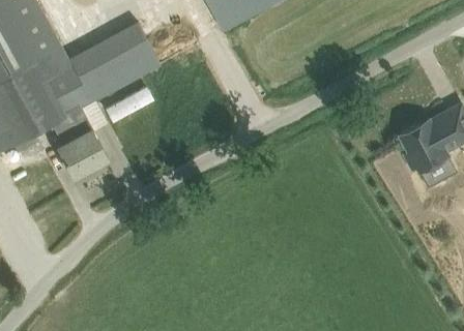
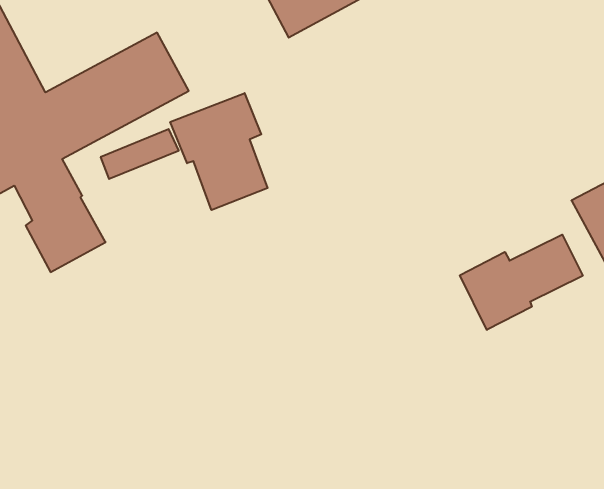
building: none -> [170,93,268,210]
building: none -> [460,235,583,330]

